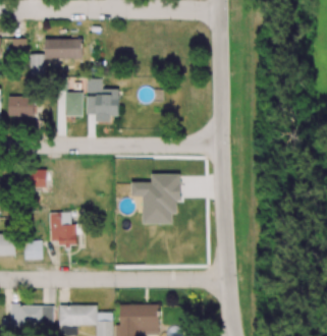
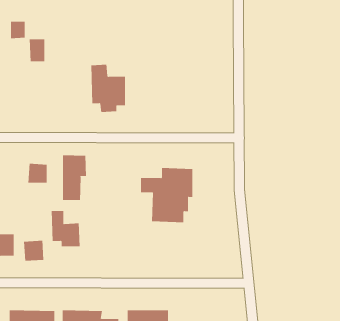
building: [44,38,83,58] -> none
building: [64,93,83,116] -> none
building: [8,97,33,115] -> none
building: none -> [62,154,86,201]

